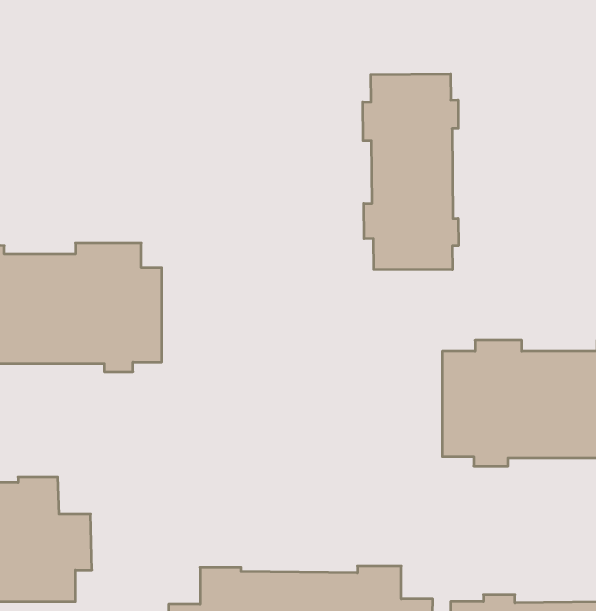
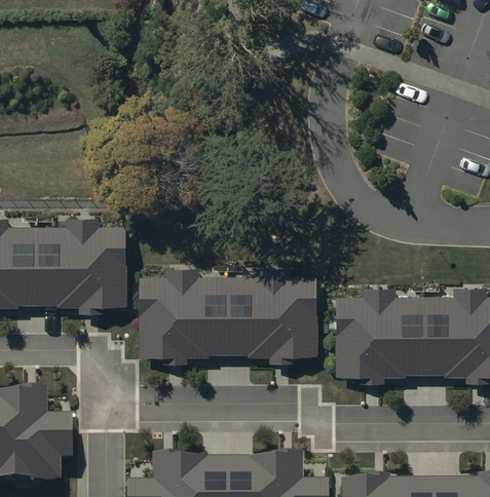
building: [363,74,458,270] -> none
building: none -> [138,265,317,361]

